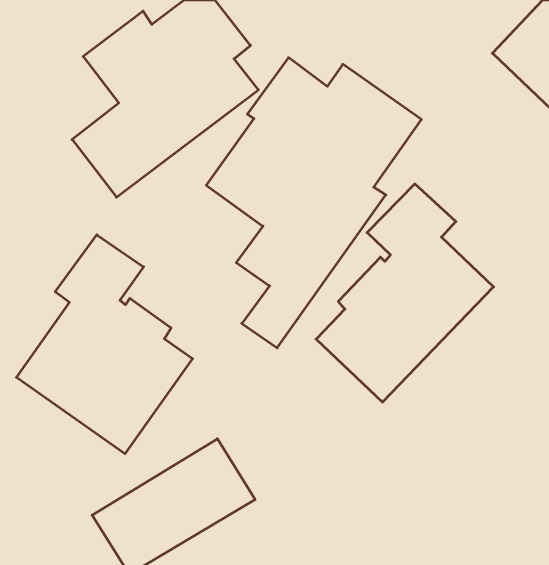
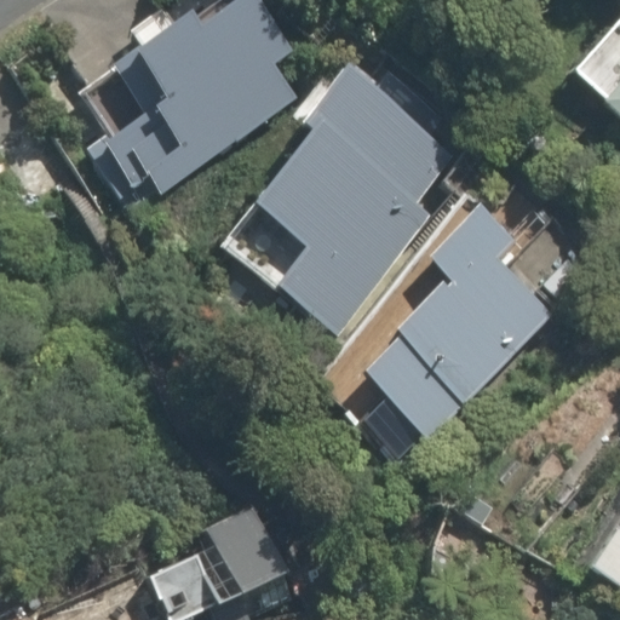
building: [16,235,193,454] -> none

